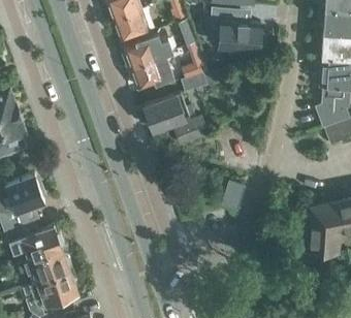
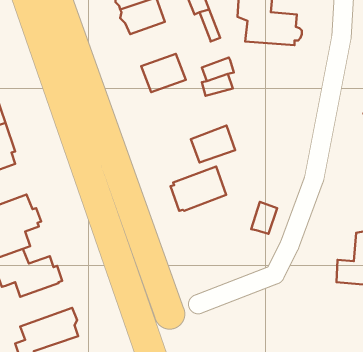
building: [123,33,173,68] -> none
building: [143,94,190,131] -> [171,167,226,211]
building: [19,250,73,286] -> none

